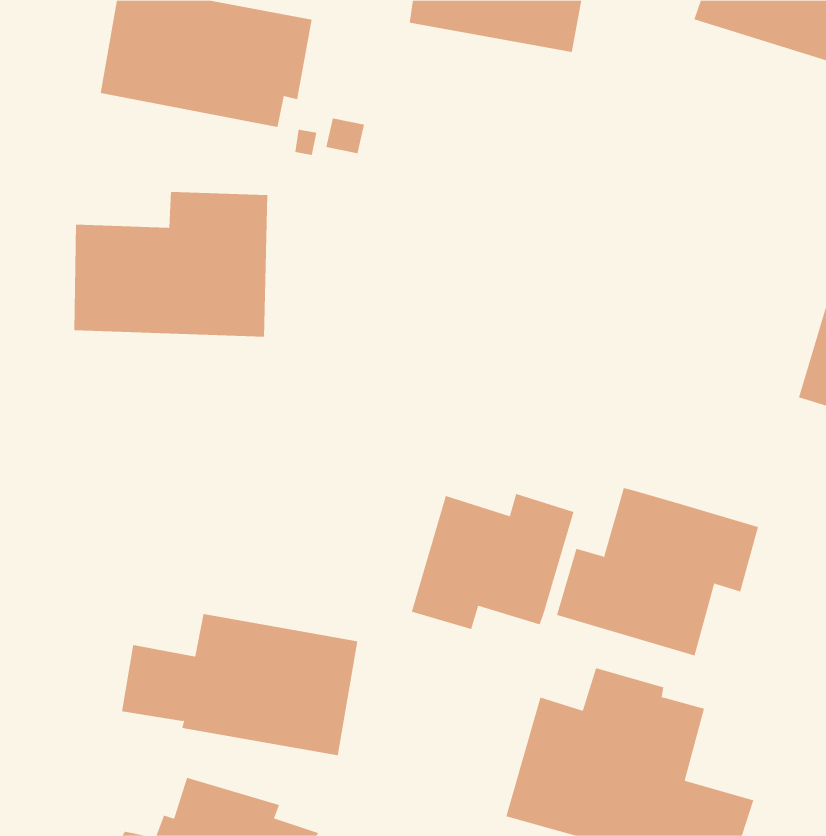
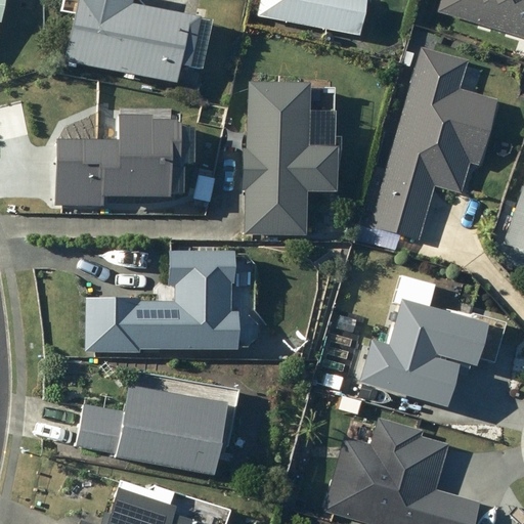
building: none -> [375,52,496,242]
building: none -> [246,79,341,233]
building: none -> [90,249,242,351]
building: [411,493,574,630] -> none

